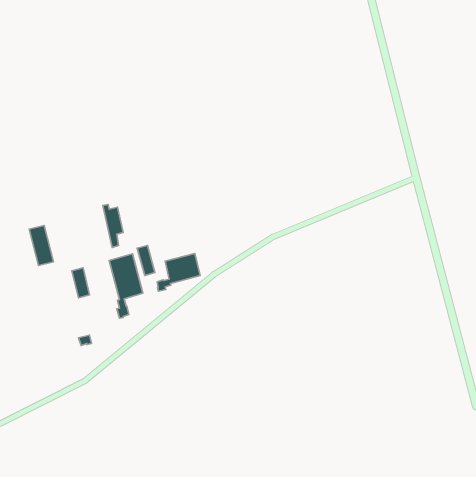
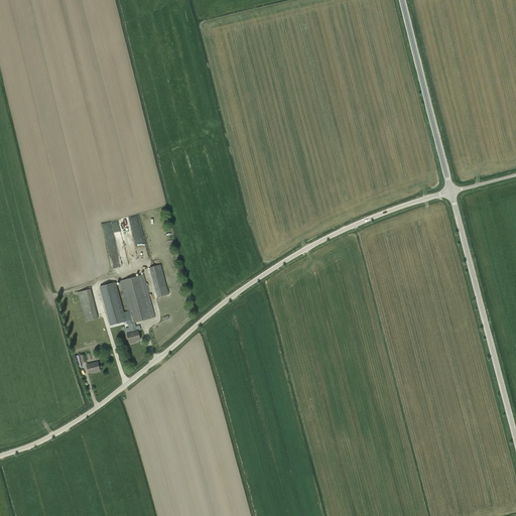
building: [29,226,53,266] -> [99,282,125,326]
building: [157,253,200,291] -> none

